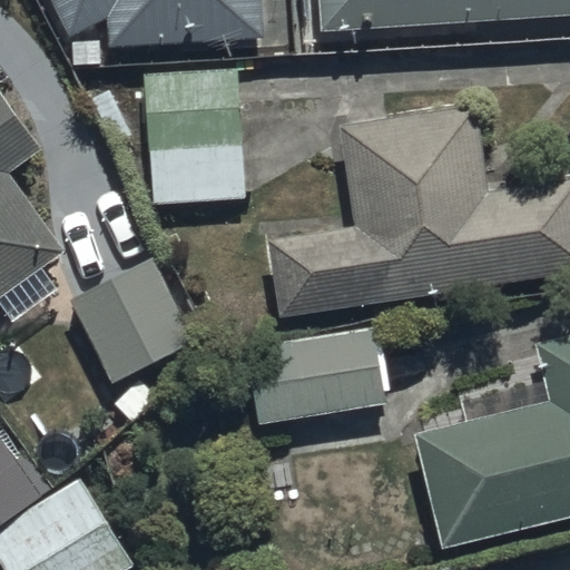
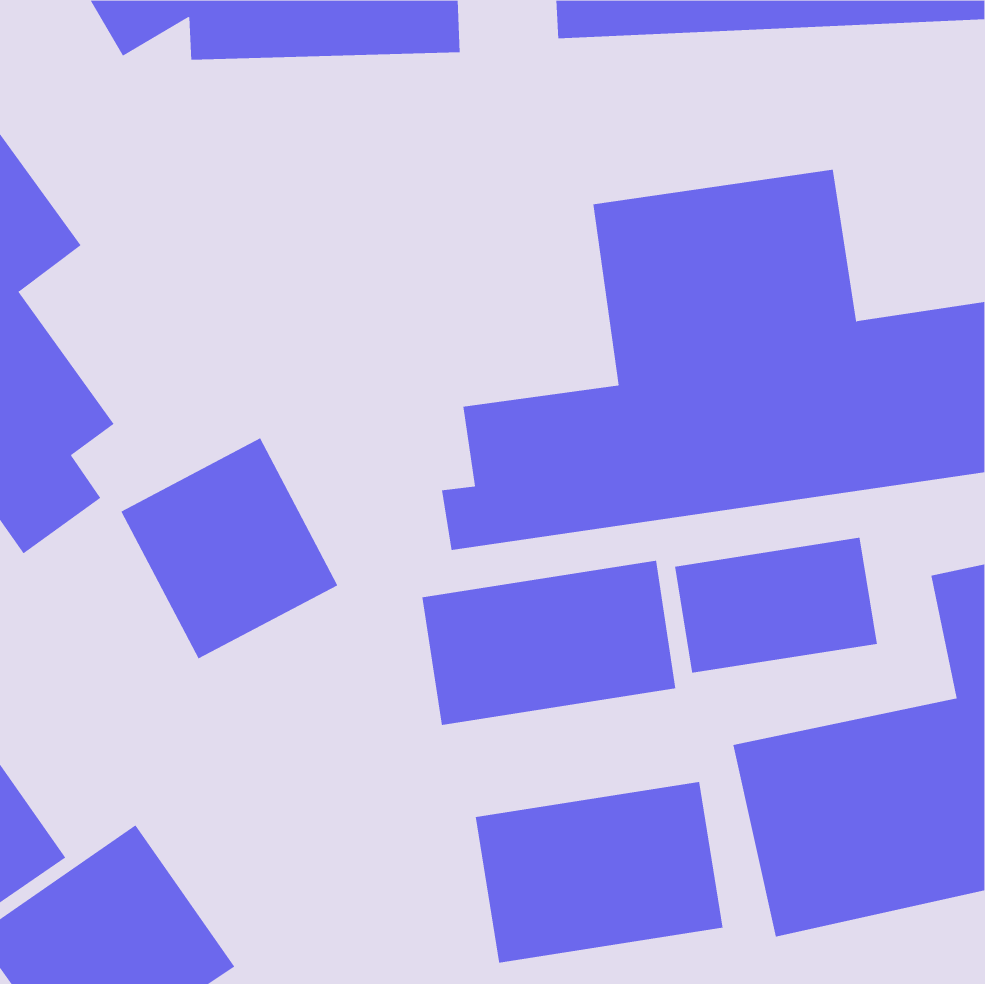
building: [144,66,244,206] -> none
building: none -> [675,537,877,674]
building: none -> [475,781,723,963]

